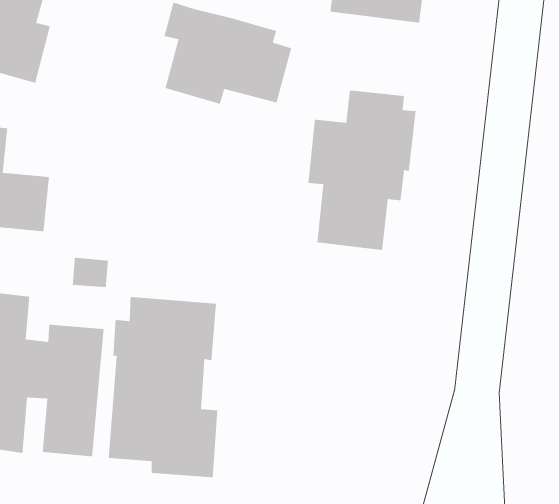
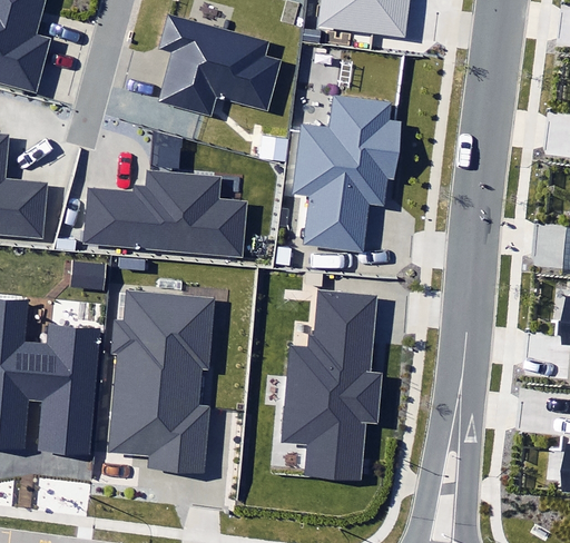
building: none -> [81,171,246,256]
building: none -> [279,290,382,478]

